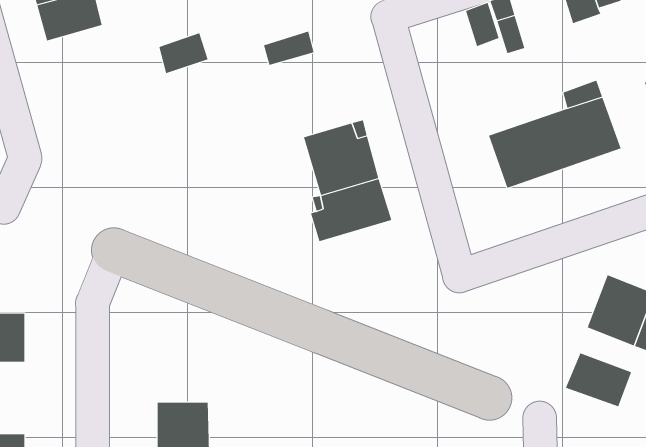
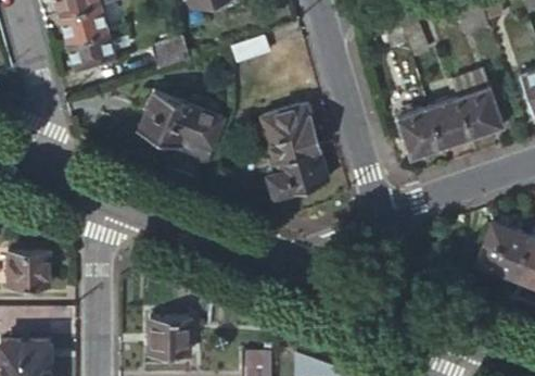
building: none -> [66,32,116,71]
building: none -> [140,91,220,158]
building: [565,352,632,407] -> none

